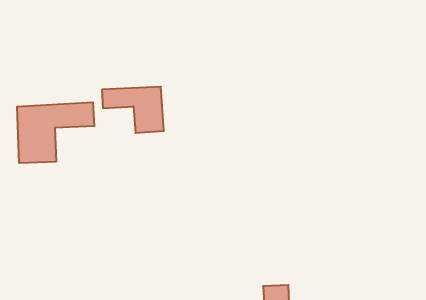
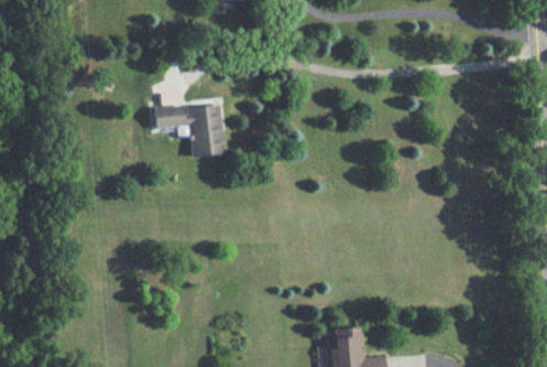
building: [17,102,94,163] -> none

